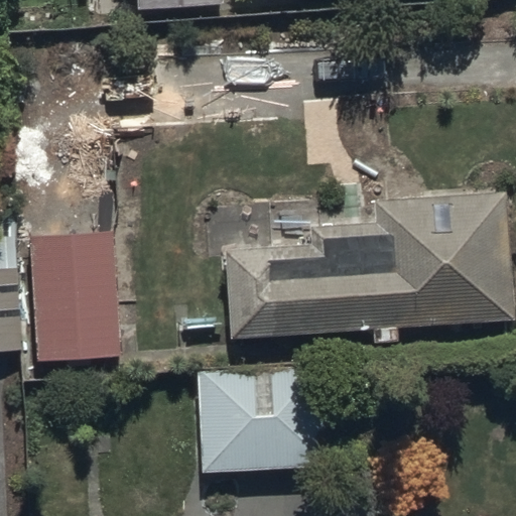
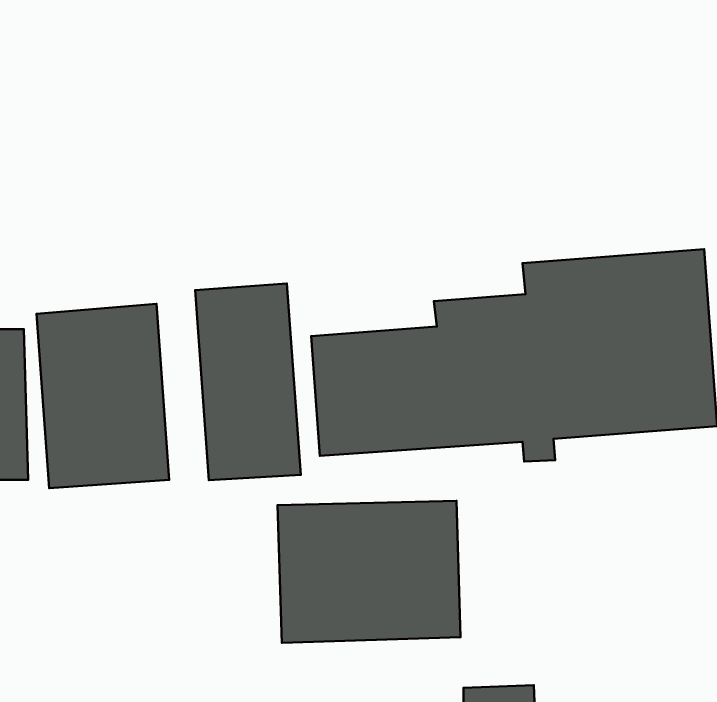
building: none -> [195,283,301,480]

